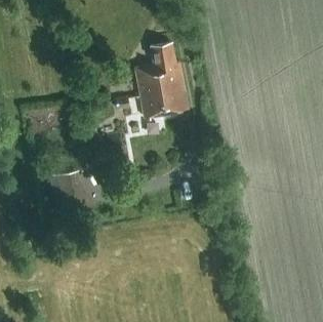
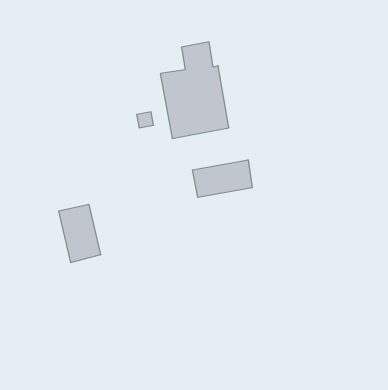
building: none -> [192,160,252,197]

